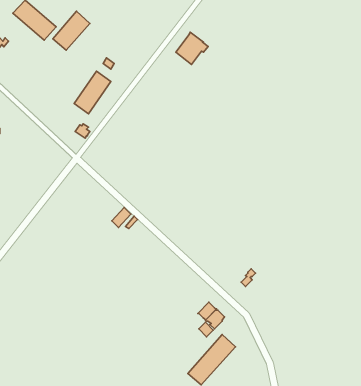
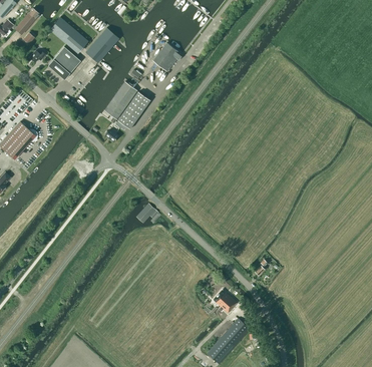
building: [176,32,208,64] -> [153,42,182,71]
building: none -> [47,46,80,80]
building: none -> [118,91,150,128]

